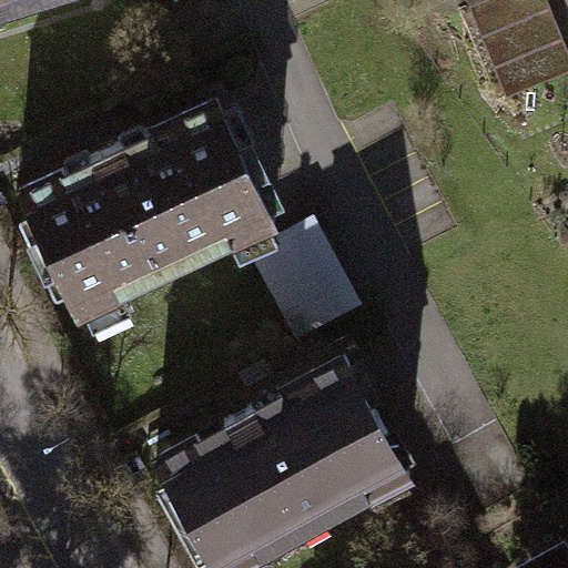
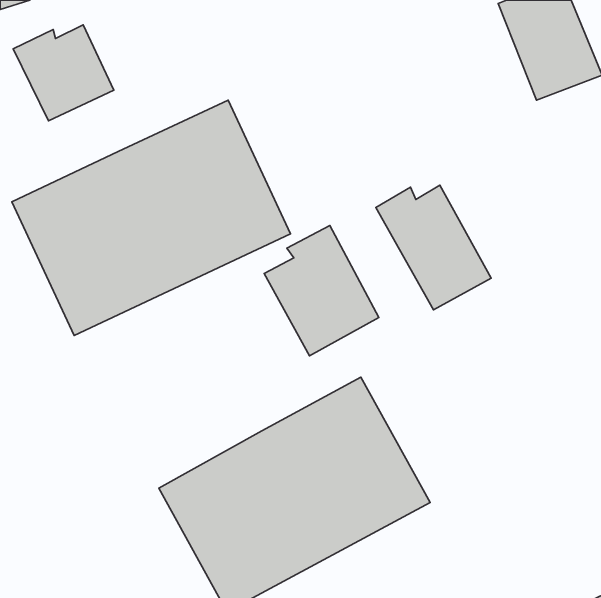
building: none -> [13,25,114,121]
building: none -> [376,185,491,310]

